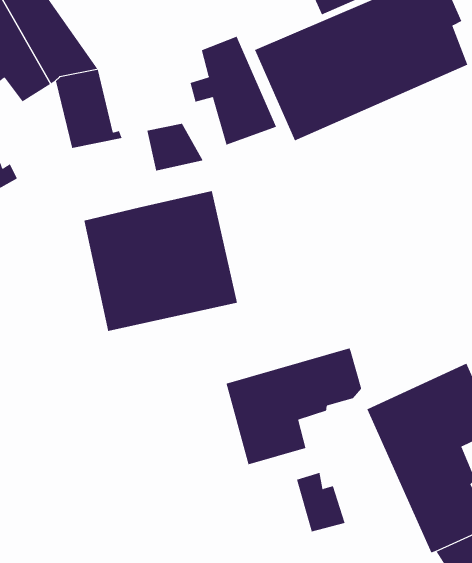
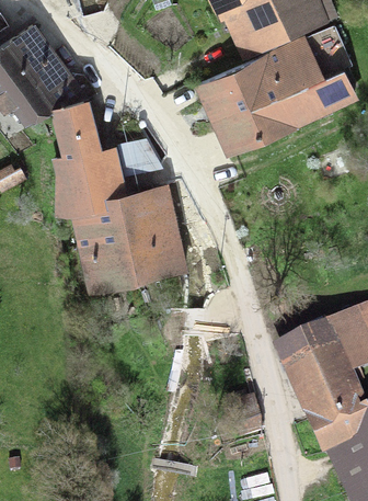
building: [190,36,277,145] -> none
building: none -> [54,147,112,210]
building: [226,348,362,465] -> none

